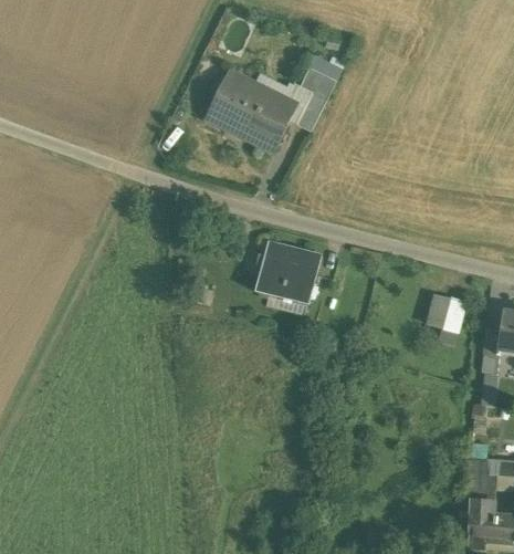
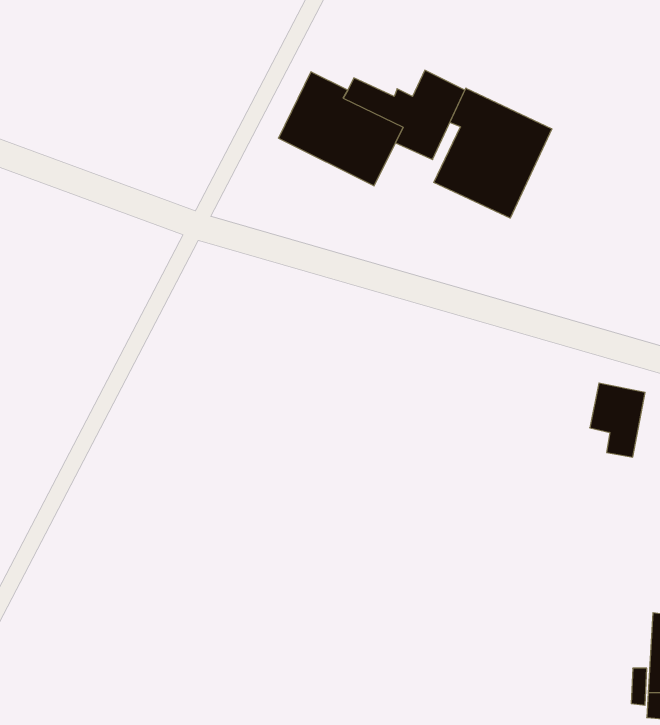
building: none -> [434,88,552,218]
building: [254,243,321,304] -> none

